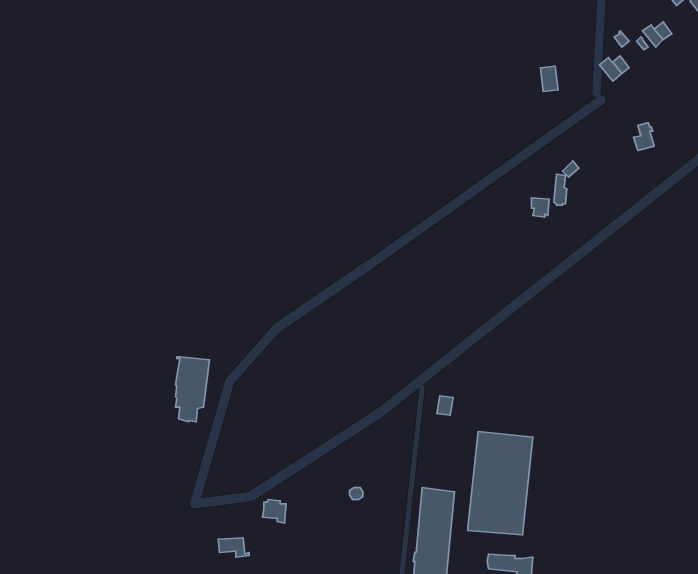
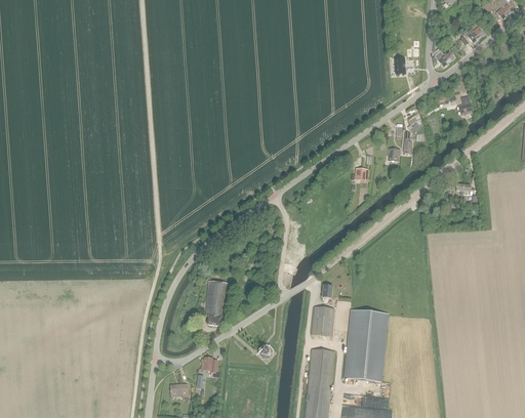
building: [175,357,209,422] -> [205,281,229,326]
building: none -> [311,306,334,336]

